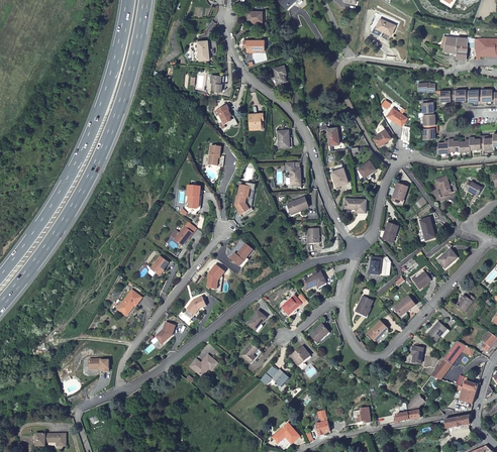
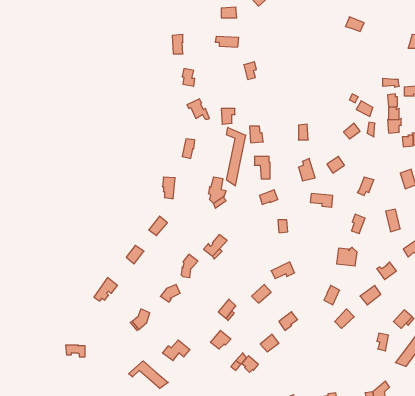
building: none -> [226,127,246,186]
building: none -> [129,361,168,389]

